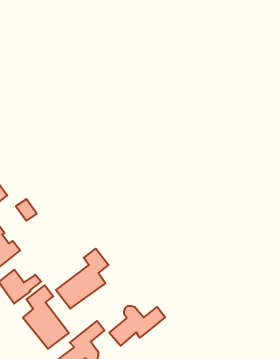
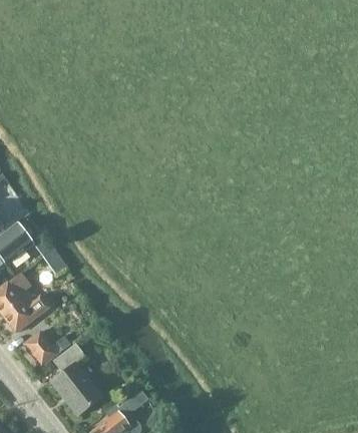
building: [56,249,109,309] -> none
building: [109,306,165,346] -> none

